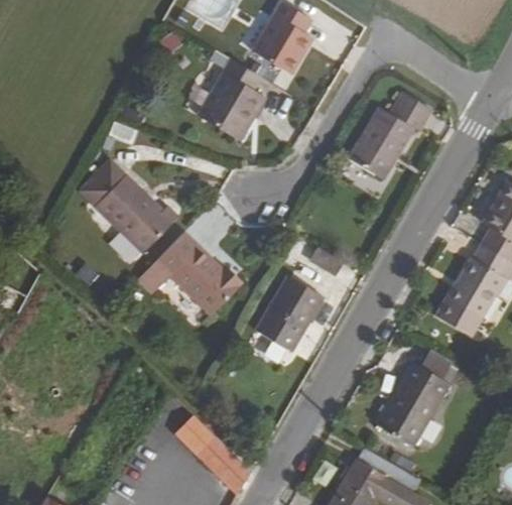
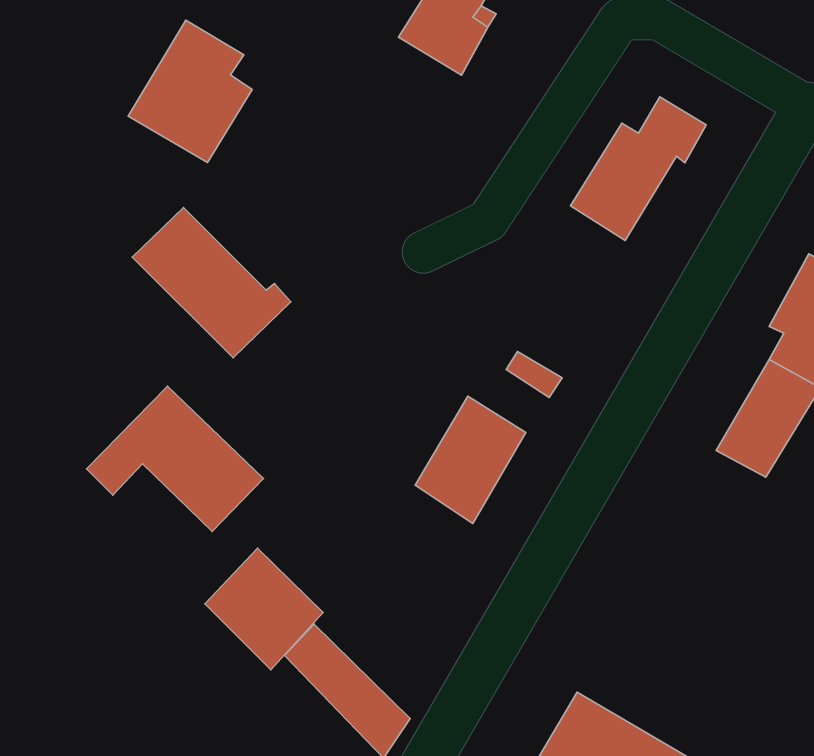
building: [195,60,270,147] -> [128,20,252,162]
building: [136,230,244,319] -> [86,386,263,532]
building: [375,350,453,449] -> none
building: none -> [205,548,323,670]

